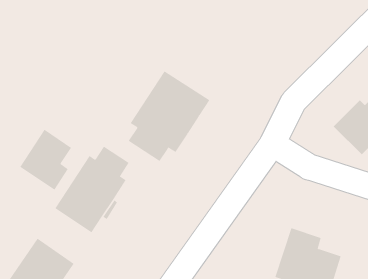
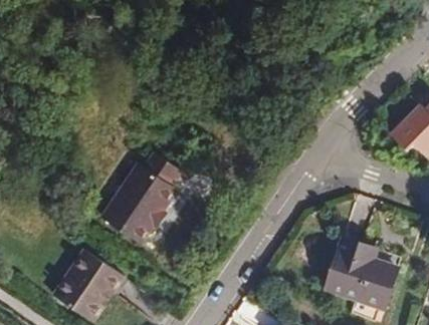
building: [128,70,210,162] -> none
building: [19,129,72,190] -> none

